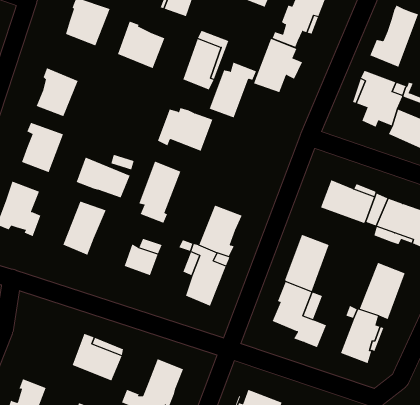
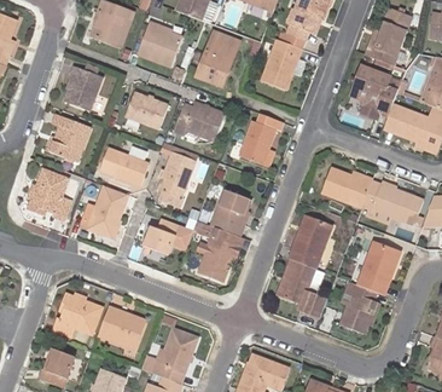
building: [209,62,257,118] -> [238,114,281,165]
building: none -> [126,92,168,128]
building: none -> [54,294,101,334]

